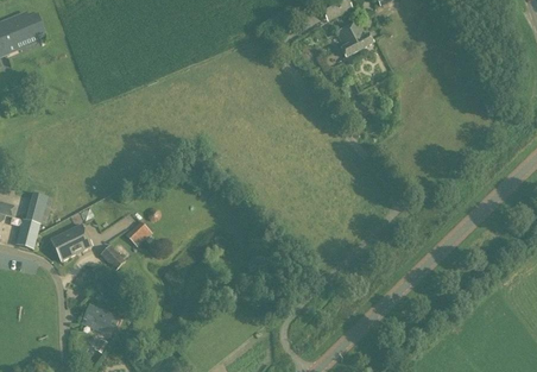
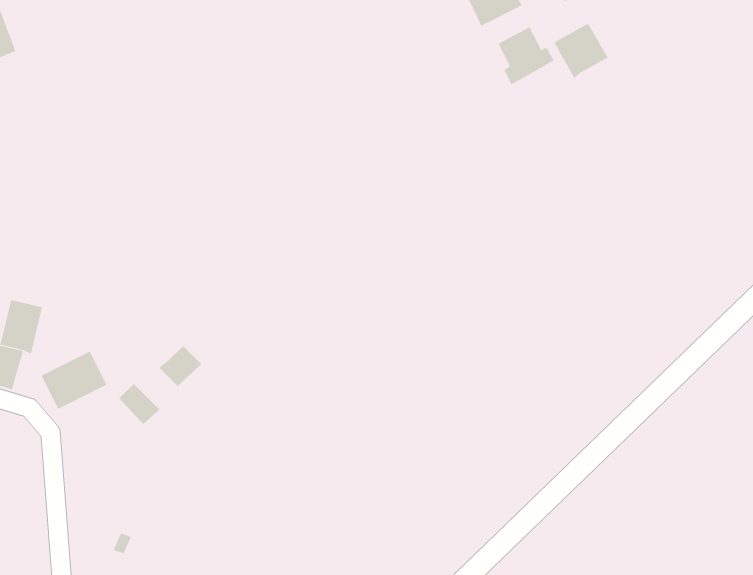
building: none -> [553,23,608,79]
building: [82,304,118,329] -> none

